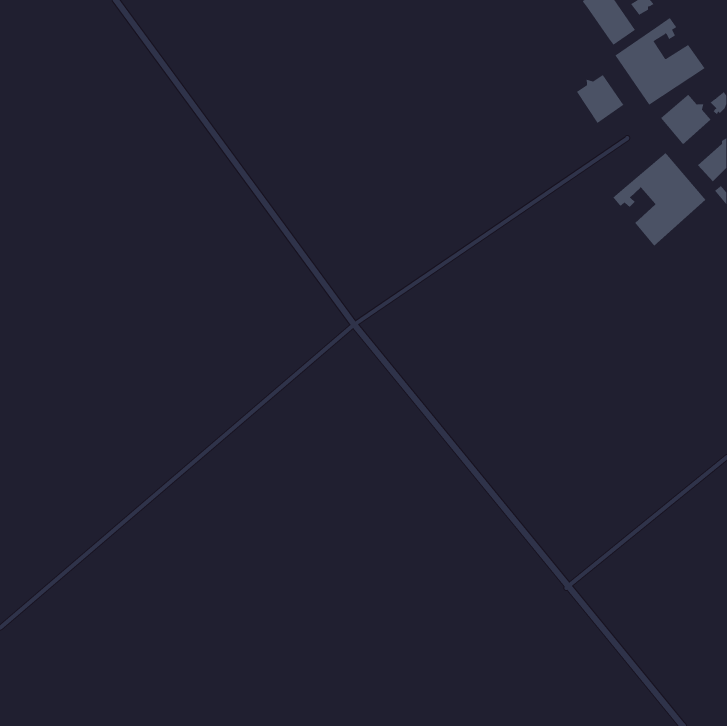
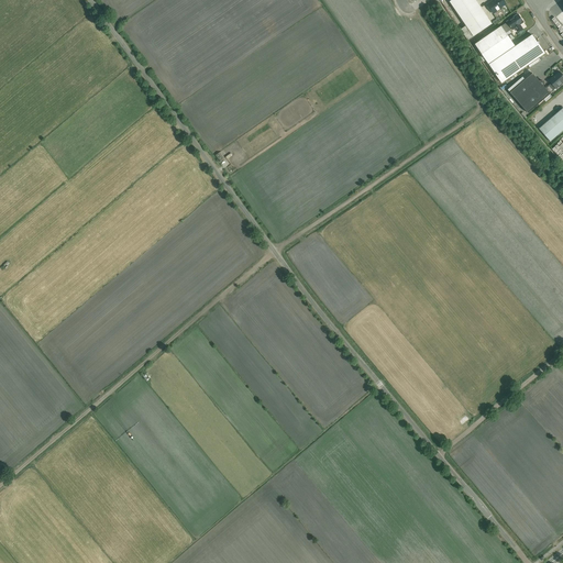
building: [576,74,624,124] -> none
building: [613,152,706,246] -> none

